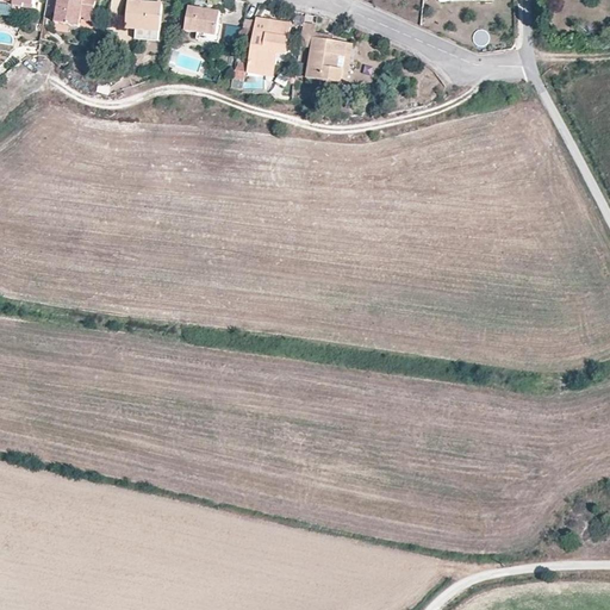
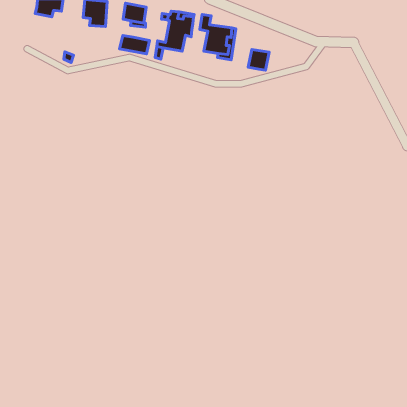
building: none -> [120,35,150,54]
building: none -> [248,49,269,70]

